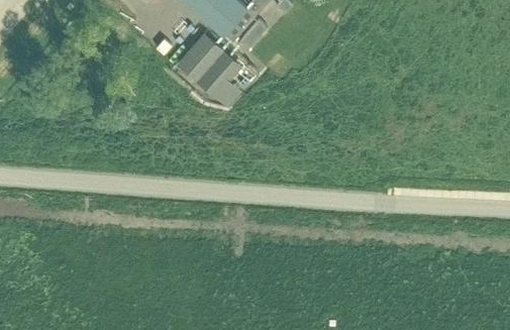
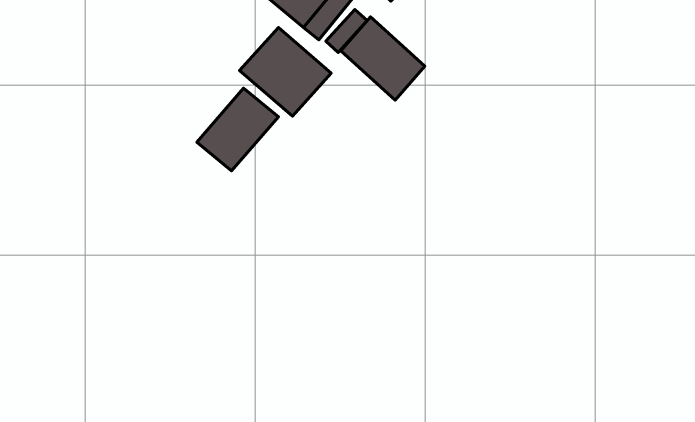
building: none -> [341,17,425,100]
building: none -> [197,88,278,171]

